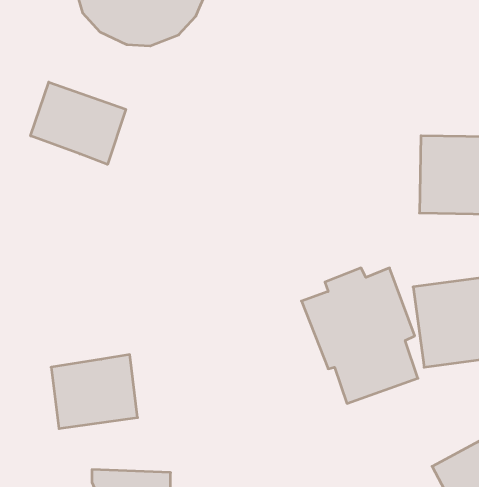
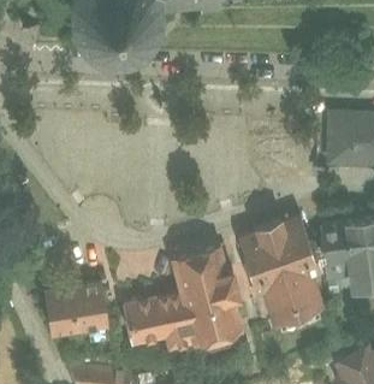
building: [31,82,126,164] -> none
building: none -> [123,244,244,343]

